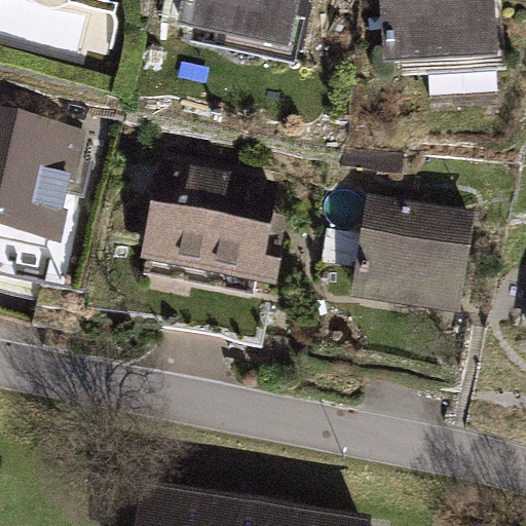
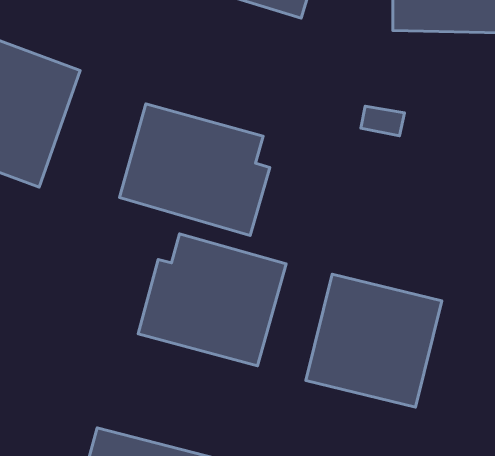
building: [352,194,478,316] -> [306,274,442,407]
building: none -> [138,234,286,366]

